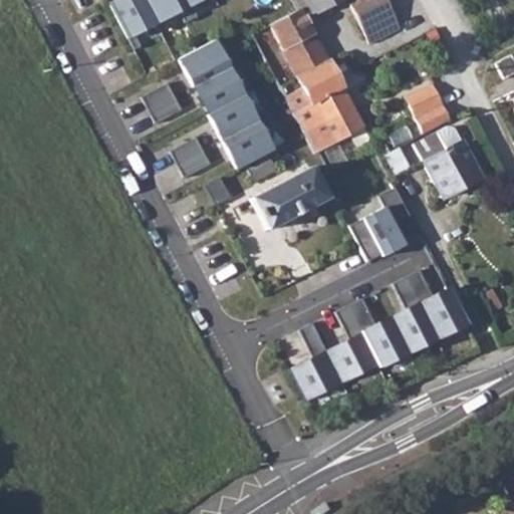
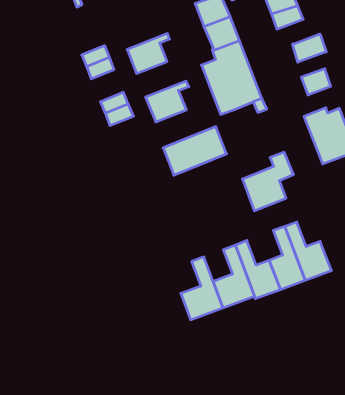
building: [182,40,243,86] -> none
building: none -> [293,34,326,62]
building: [211,95,271,141] -> none

